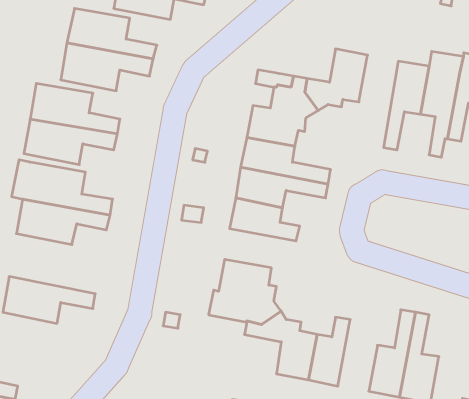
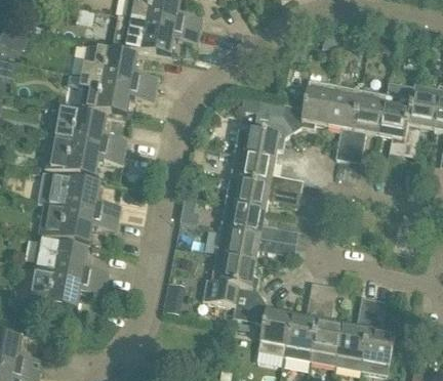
building: none -> [327,84,360,161]
building: none -> [215,228,275,261]
building: none -> [36,239,110,283]
building: none -> [310,304,343,364]

